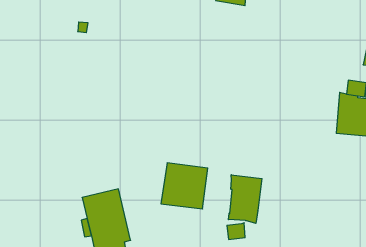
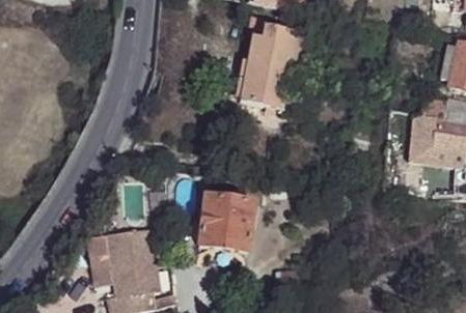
building: none -> [238,24,310,109]
building: [228,175,262,223] -> none

